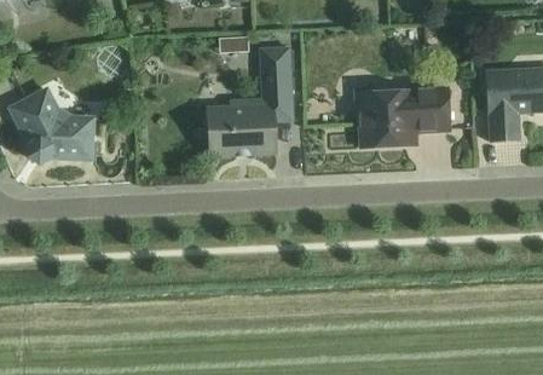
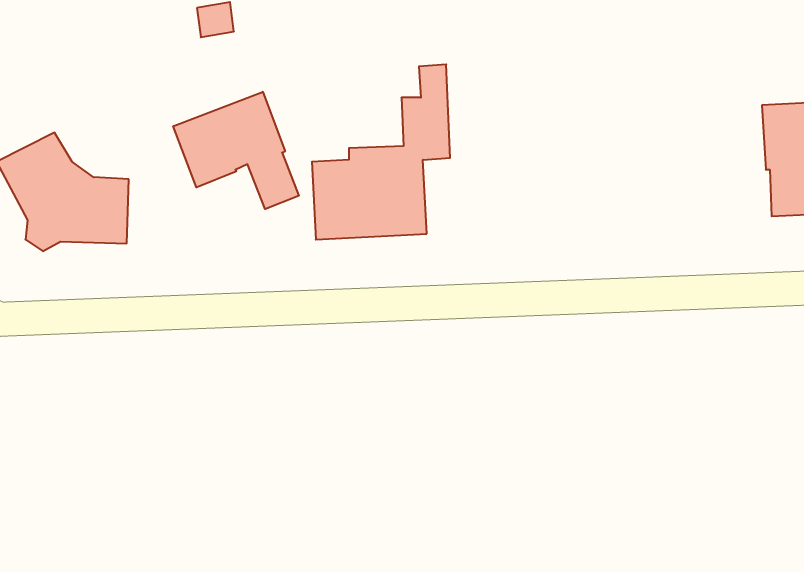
building: none -> [173,92,299,209]
building: [354,87,450,148] -> none

